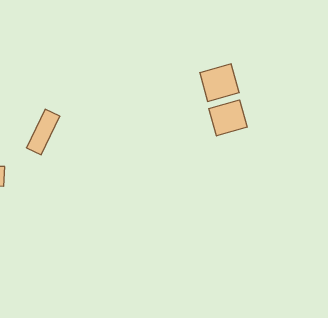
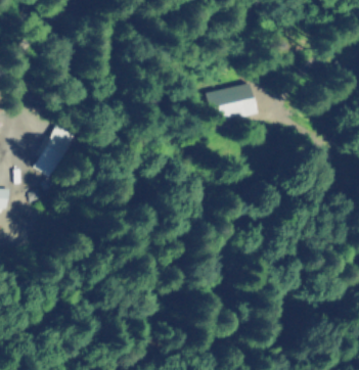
building: [209,100,247,136] -> none

